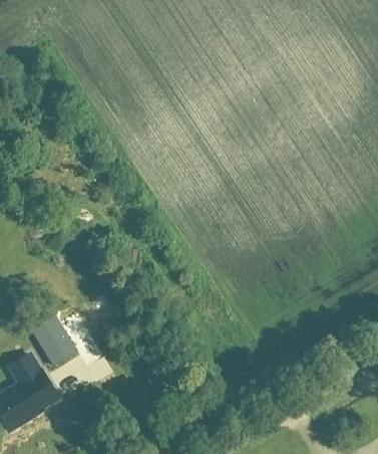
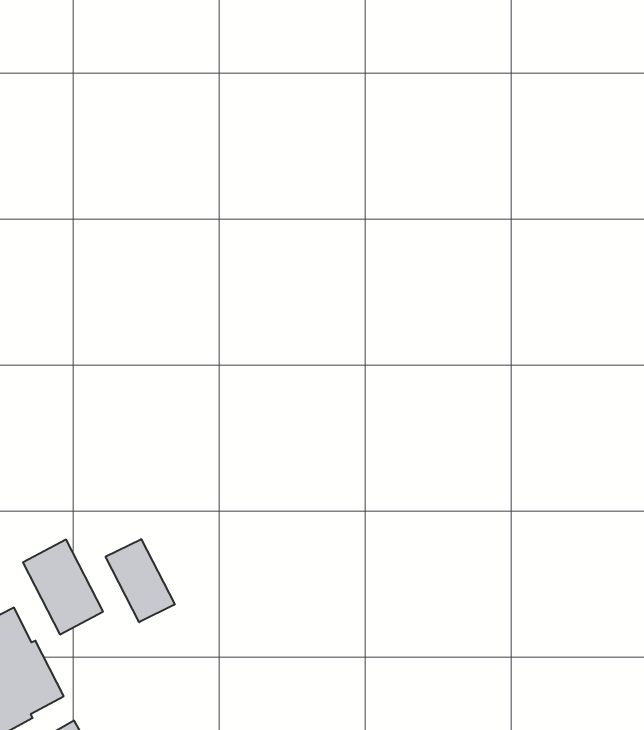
building: none -> [106,539,175,622]

